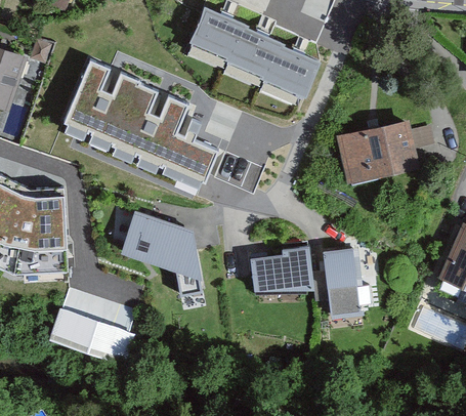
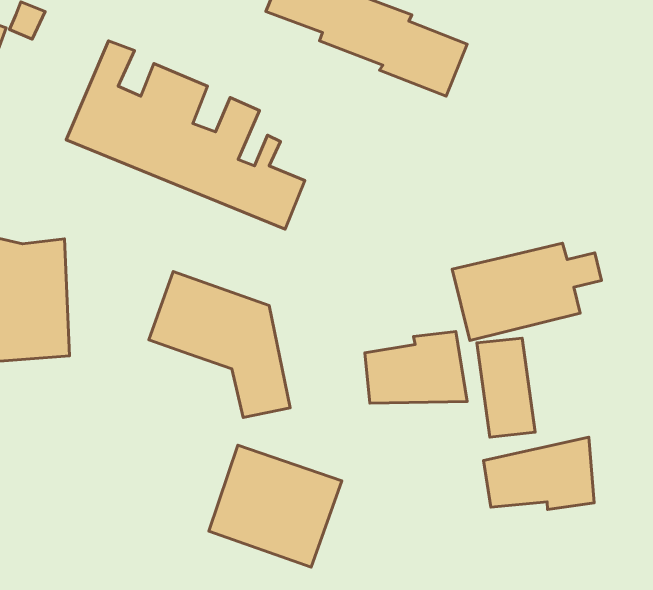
building: [336,118,430,179] -> [452,243,601,341]
building: [57,292,141,369] -> [209,445,342,567]
building: none -> [483,437,594,509]

